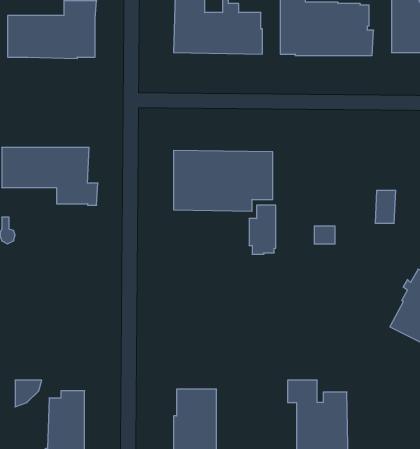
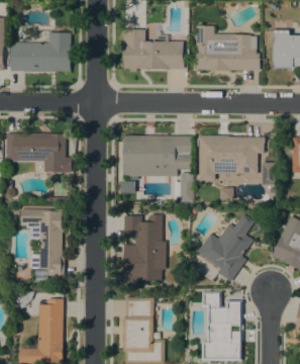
building: none -> [195,134,264,180]
building: none -> [20,208,65,275]
building: none -> [197,213,254,281]
building: none -> [123,214,165,280]

